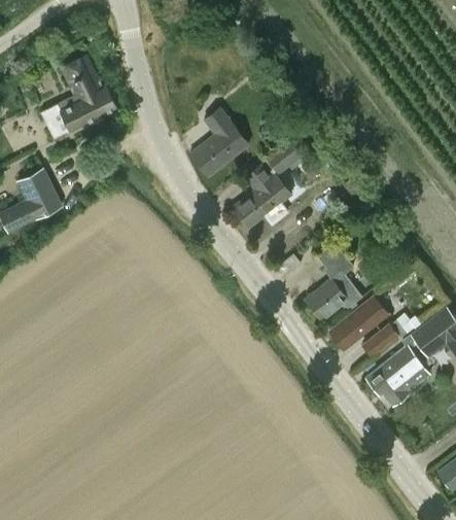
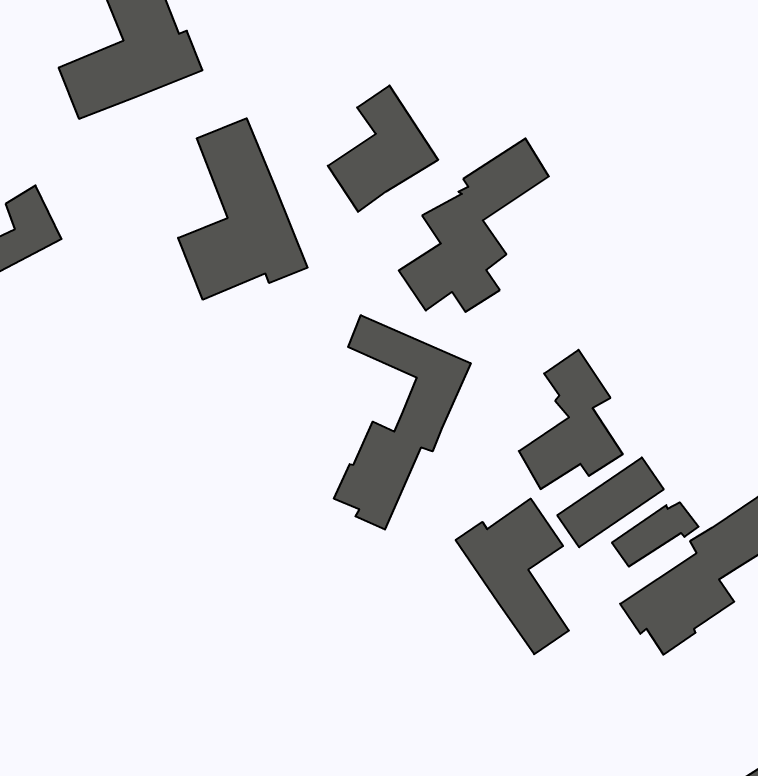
building: none -> [178,118,308,300]
building: none -> [334,315,471,530]
building: none -> [456,499,569,654]

